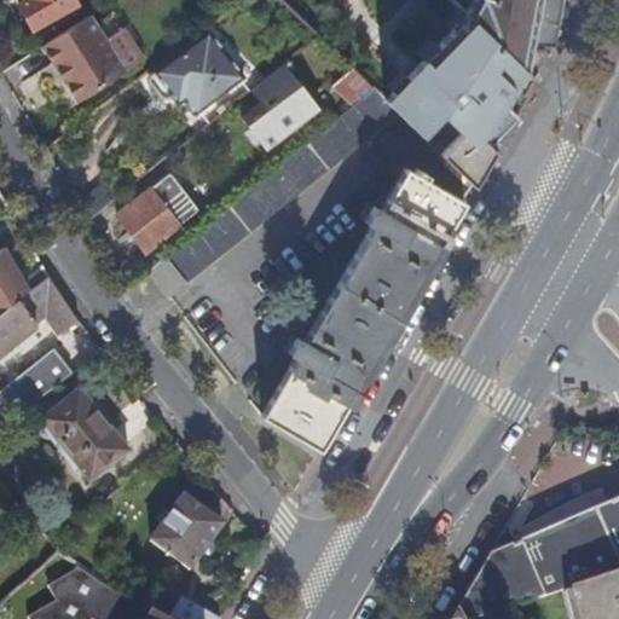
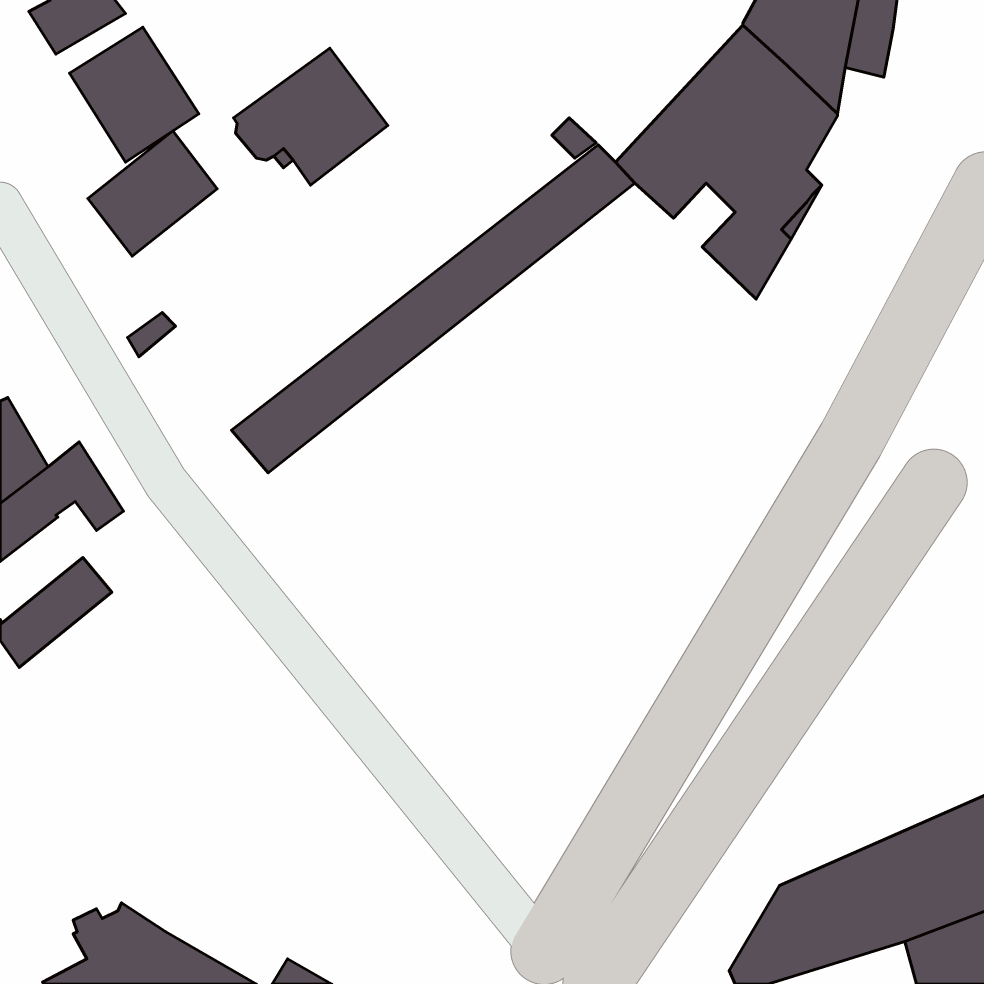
building: [243,65,322,152] -> none
building: [262,168,467,450] -> none
building: [118,174,199,253] -> [88,131,217,256]
building: [41,389,129,481] -> none
building: [152,498,222,569] -> none

